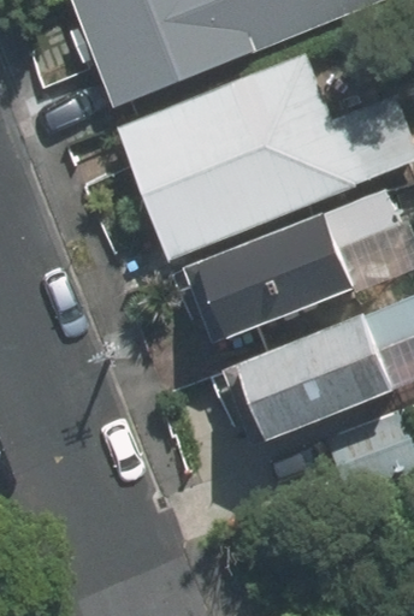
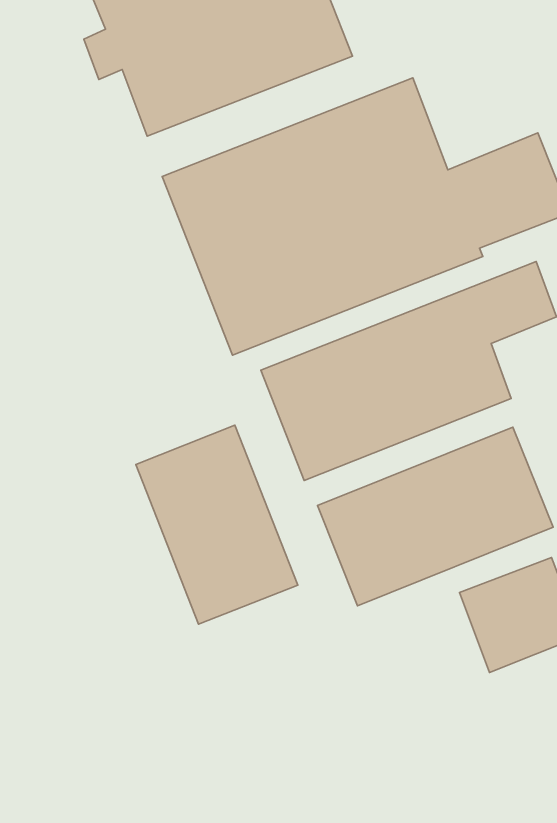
building: none -> [136,425,298,624]

